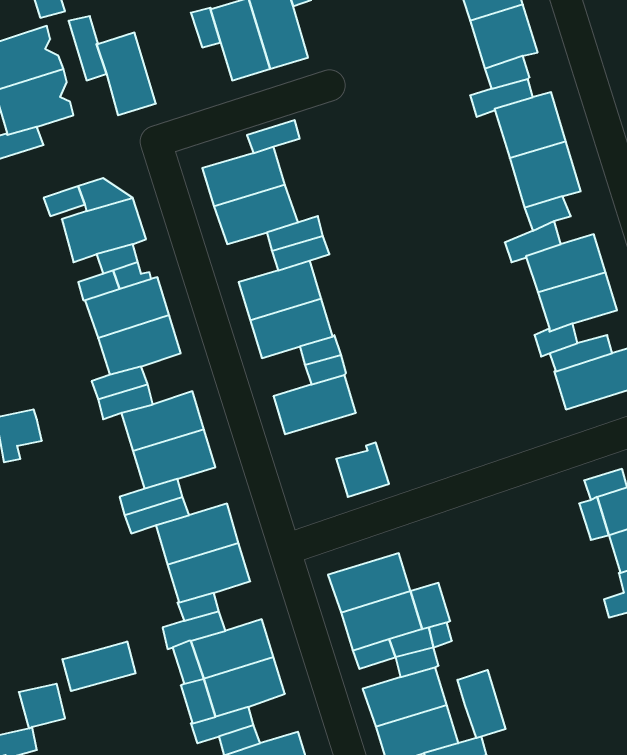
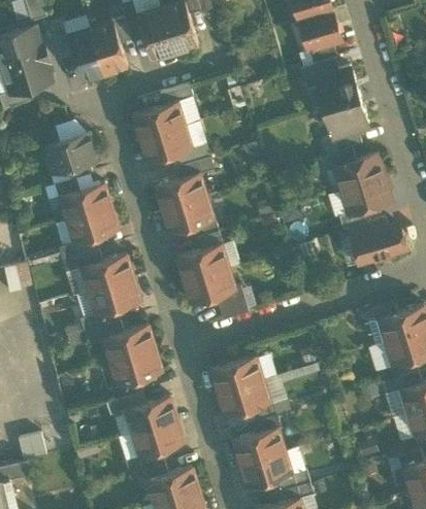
building: none -> [90,24,127,75]
building: none -> [184,268,235,305]
building: [62,641,136,691] -> none
building: [457,670,506,738] -> none

